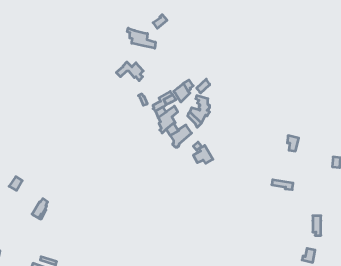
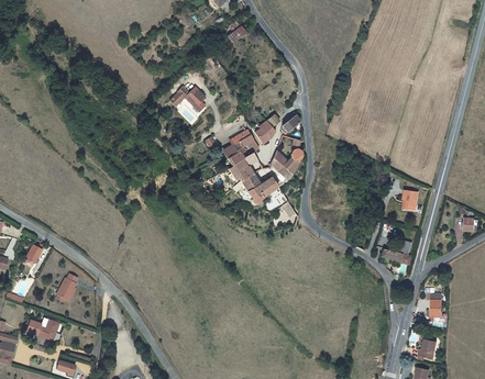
building: [127,28,155,48] -> none
building: none -> [23,319,57,341]

